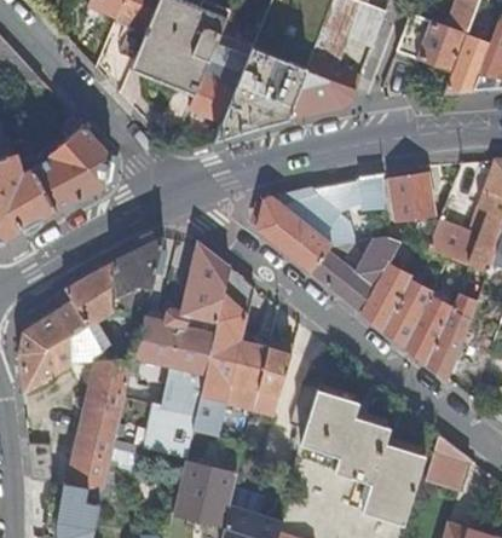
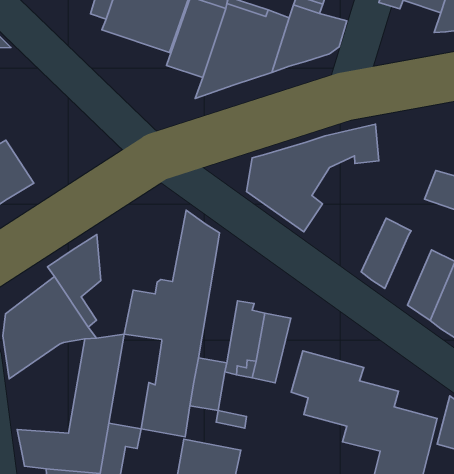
building: [33,115,110,210] -> none
building: [391,174,433,219] -> none
building: [310,236,402,312] -> none
building: [114,238,162,317] -> none
building: [203,279,254,391] -> none
building: [383,279,431,346] -> none

